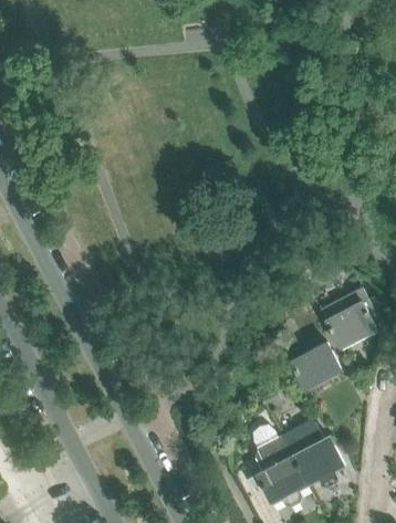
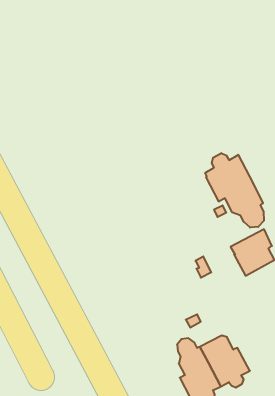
building: none -> [205,153,264,228]
building: [289,344,340,389] -> none

